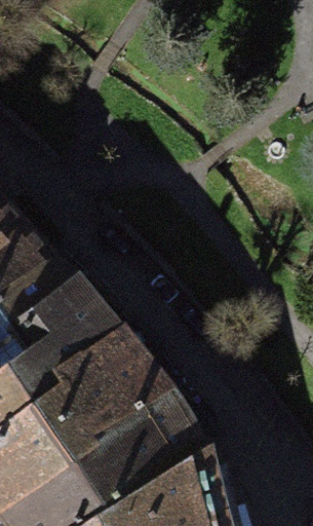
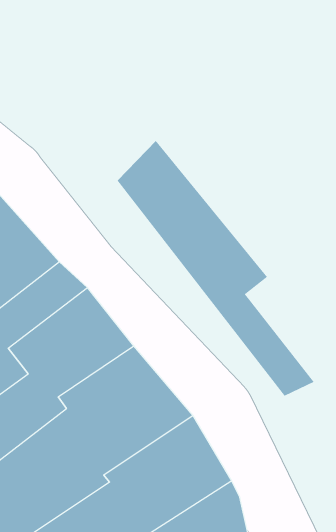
building: none -> [117,140,315,397]

